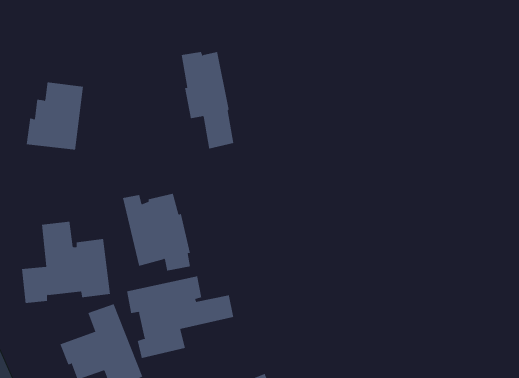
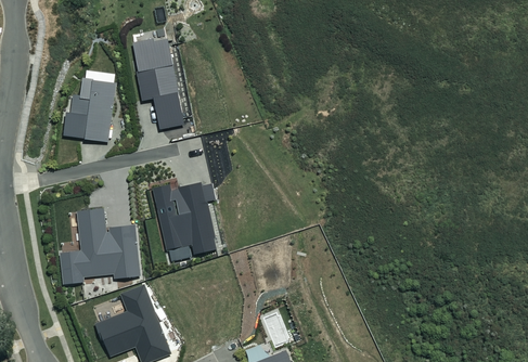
building: [181,51,234,149] -> [132,38,182,129]
building: [126,276,234,359] -> none

